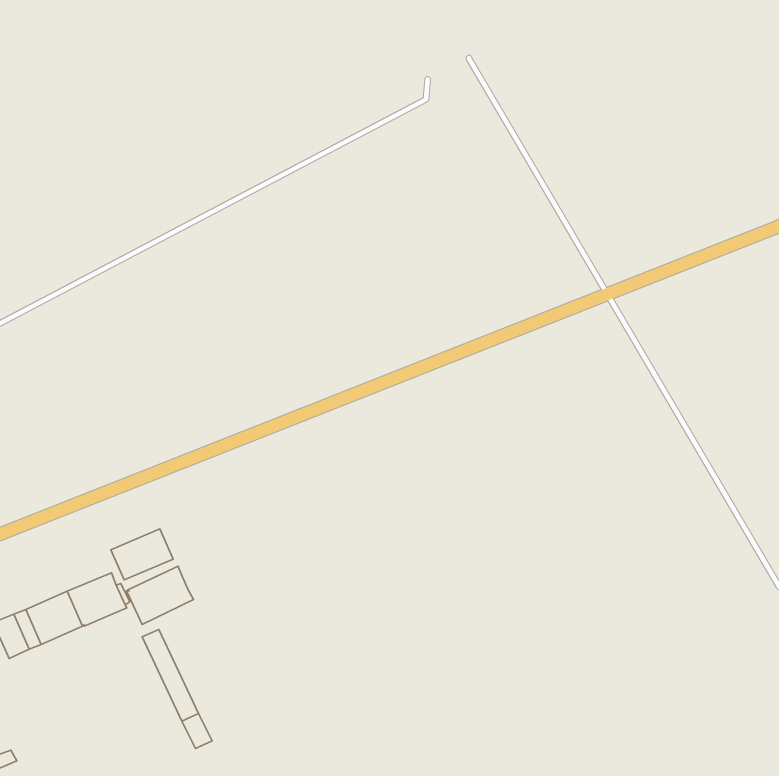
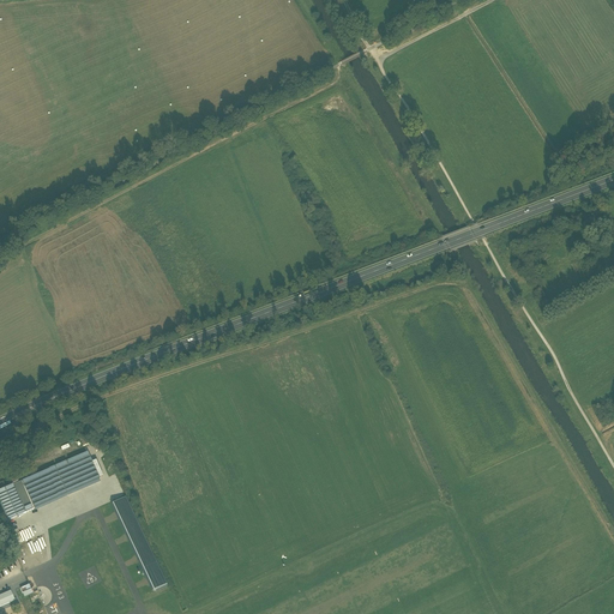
building: [111,529,173,580] -> none
building: [127,566,194,624] -> none

